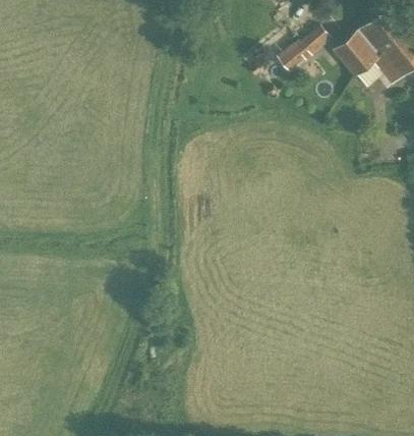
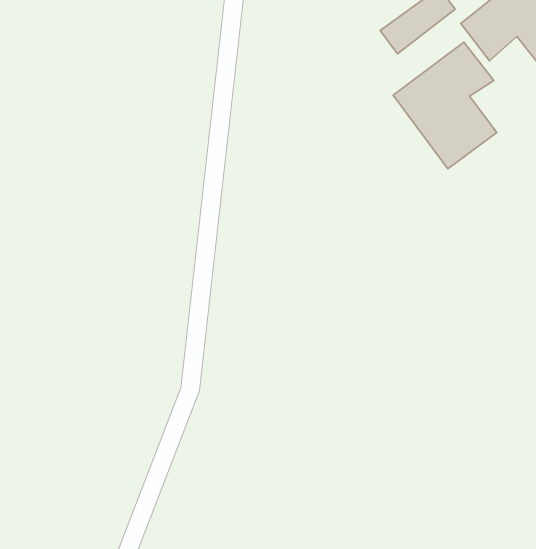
building: none -> [393,42,497,169]

